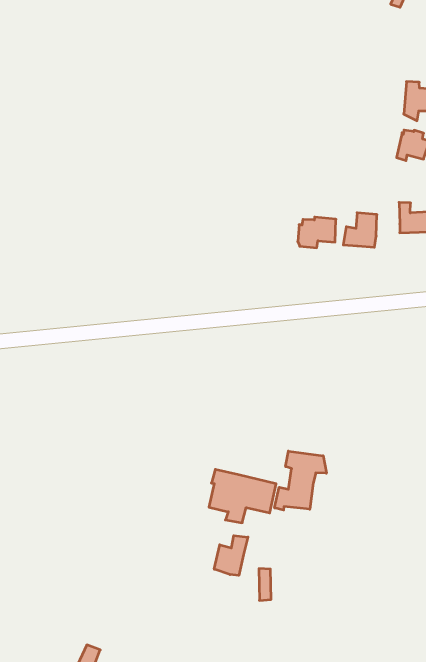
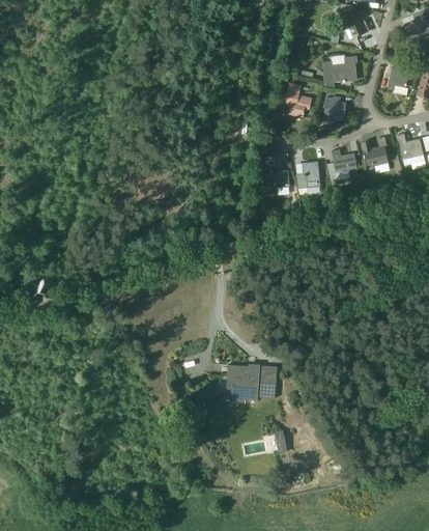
building: none -> [285,83,311,115]
building: [275,451,326,510] -> none
building: [214,536,248,575] -> none

